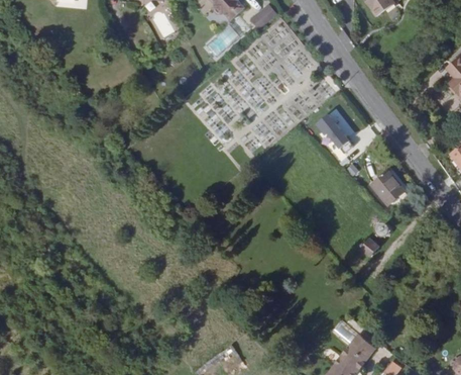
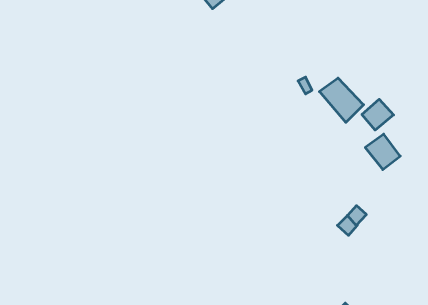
building: none -> [362,99,394,130]

